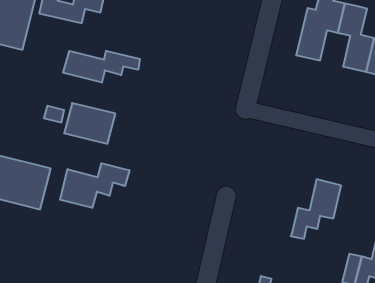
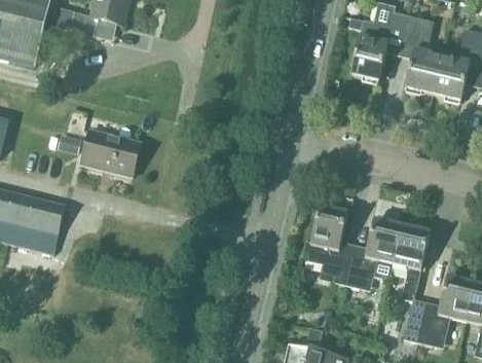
building: [63,51,140,83] -> none
building: [60,163,129,208] -> none
building: none -> [300,206,353,284]
building: none -> [394,225,430,285]

